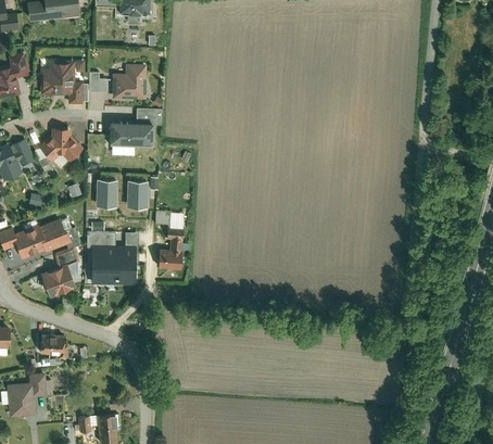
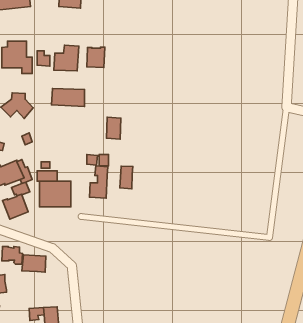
building: none -> [87,47,105,68]
building: [97,179,116,208] -> none
building: [127,181,147,211] -> [106,117,121,139]
building: none -> [120,166,133,189]
building: none -> [22,255,46,272]

